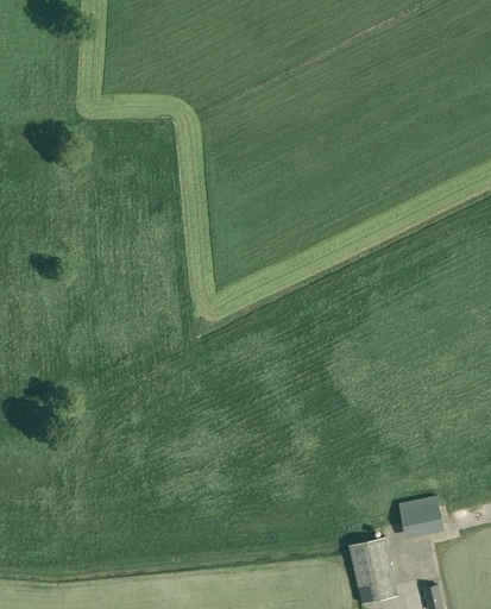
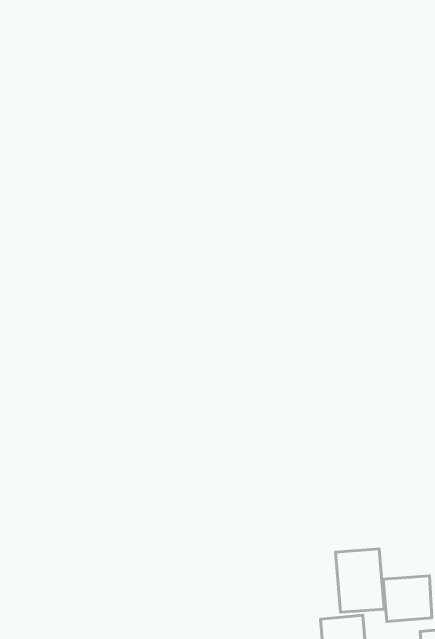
building: none -> [336,549,384,612]

